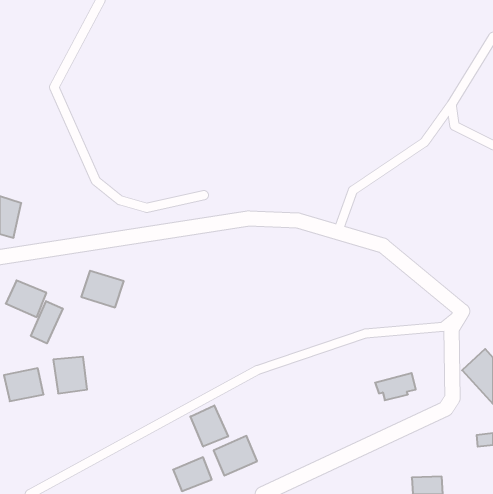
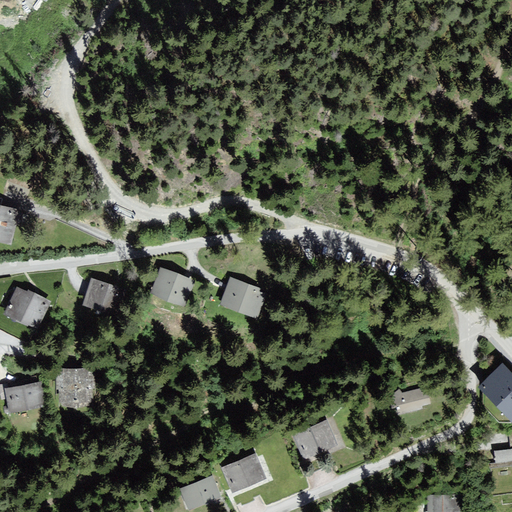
building: none -> [152,268,198,309]
building: none -> [219,277,267,319]
building: [31,301,63,343] -> none
building: none -> [292,418,337,458]
building: [190,405,228,447] -> none

